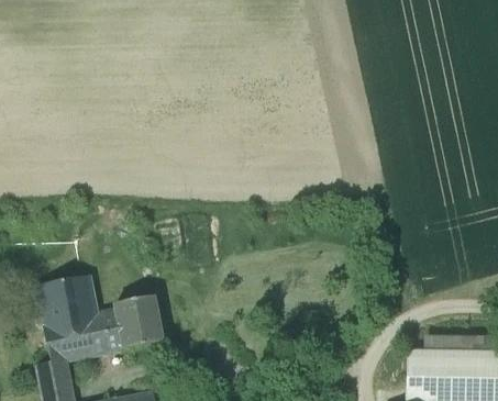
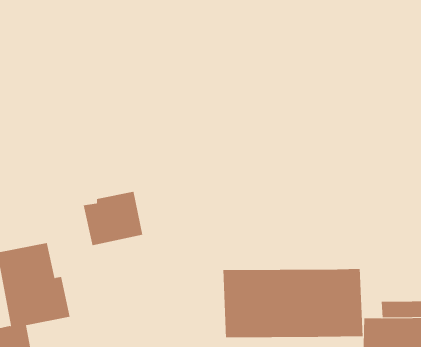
building: [102,297,163,352] -> [83,191,143,246]
building: none -> [223,268,363,338]

